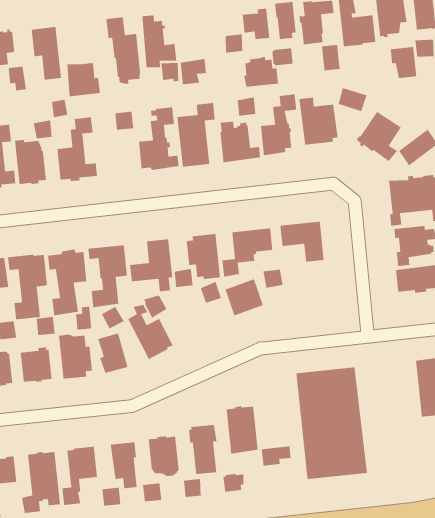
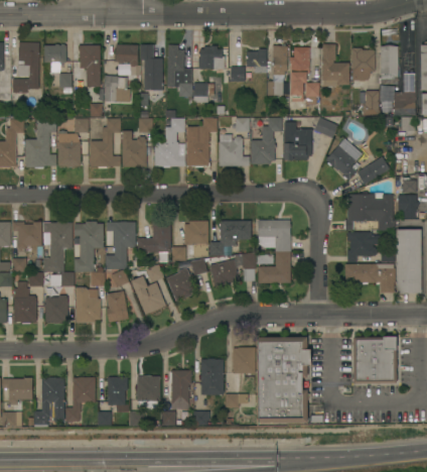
building: none -> [115,44,140,75]
building: [243,56,279,88] -> [197,45,225,69]
building: none -> [121,131,146,167]
building: none -> [258,251,290,282]
building: none -> [166,268,196,301]
building: none -> [231,347,254,373]

